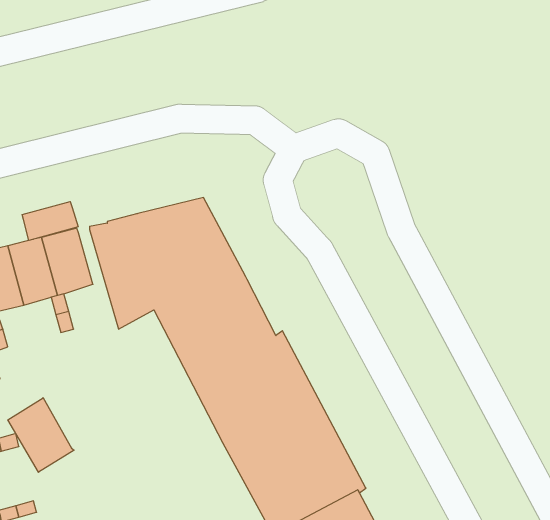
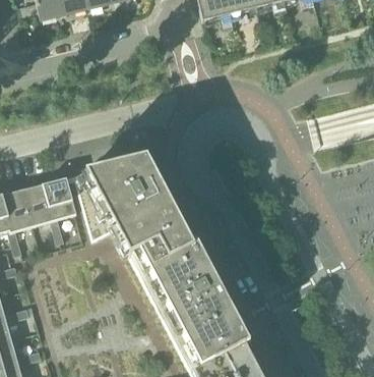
building: [22,202,78,240] -> none
building: [8,398,74,472] -> none

